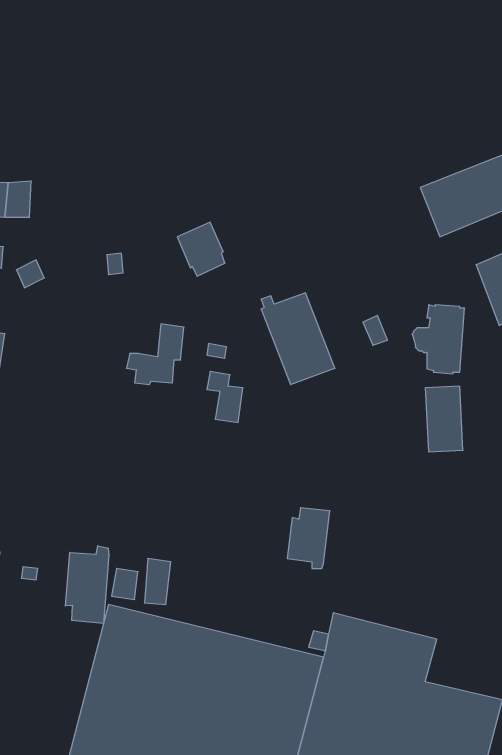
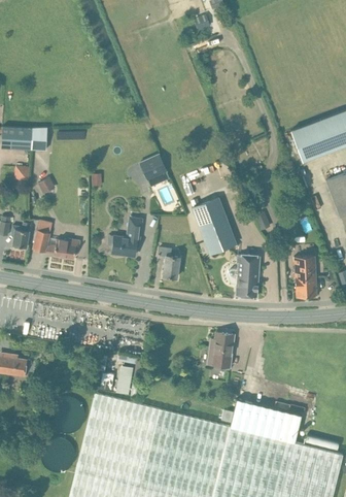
building: [412,305,465,374] -> [227,256,260,299]
building: none -> [32,231,79,260]
building: [65,546,109,623] -> none

